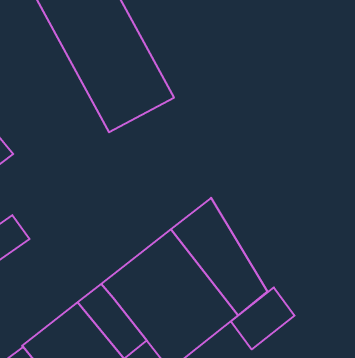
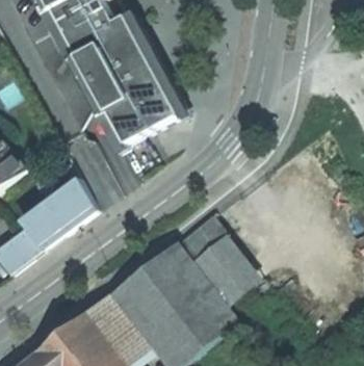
building: none -> [22,179,98,251]
building: [231,287,295,349] -> none

